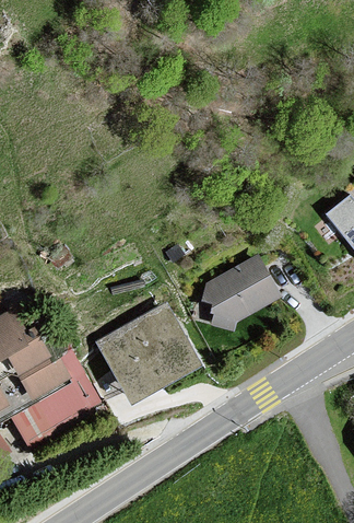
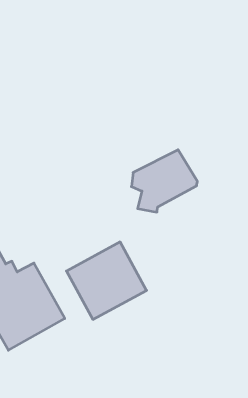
building: [203,254,285,332] -> [131,150,197,212]

